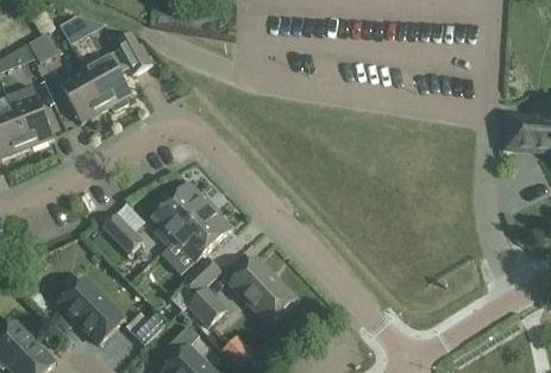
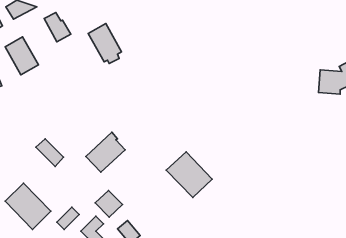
building: [83,53,131,110] -> [88,23,122,63]
building: [152,184,211,246] -> none
building: [181,257,220,296] -> none
building: [228,258,294,323] -> [166,152,212,198]

